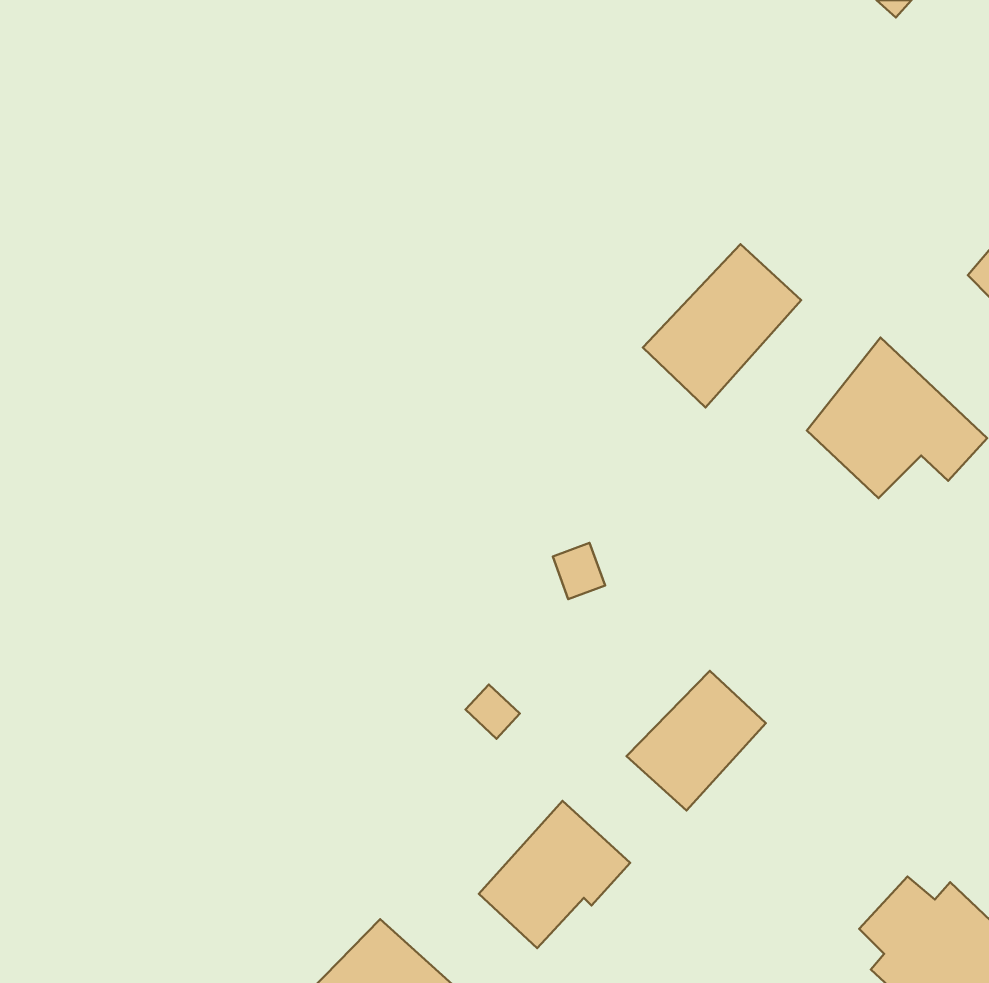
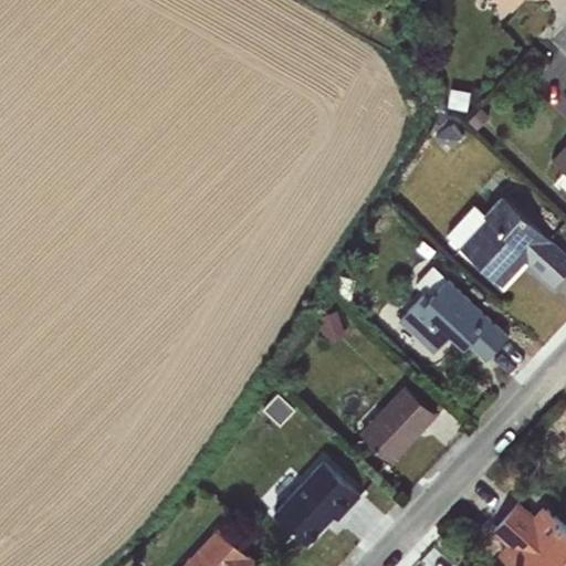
building: [643,244,801,407] -> none
building: none -> [399,268,509,363]

